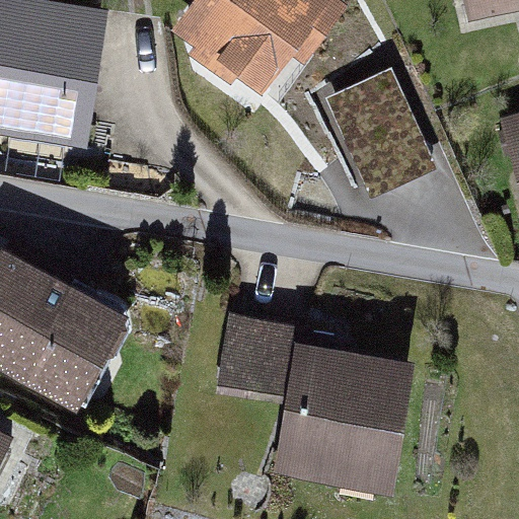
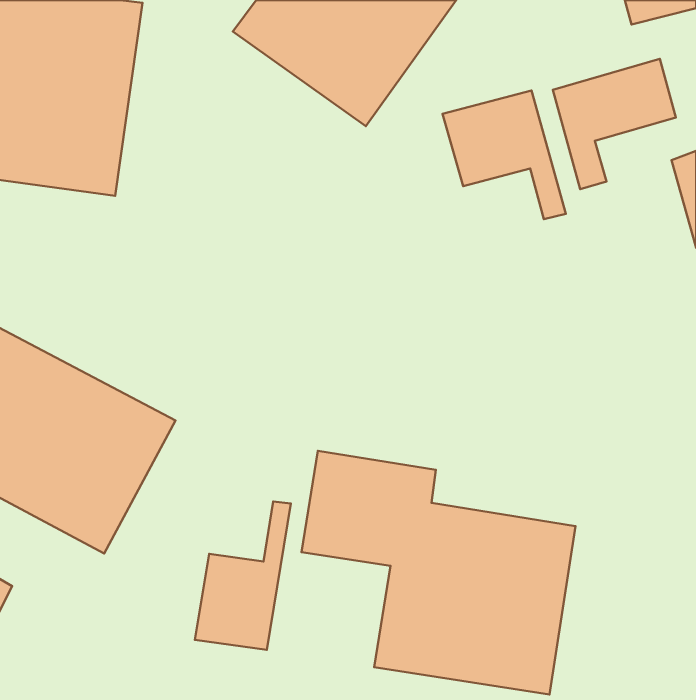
building: none -> [553,59,676,189]
building: none -> [195,501,291,650]

